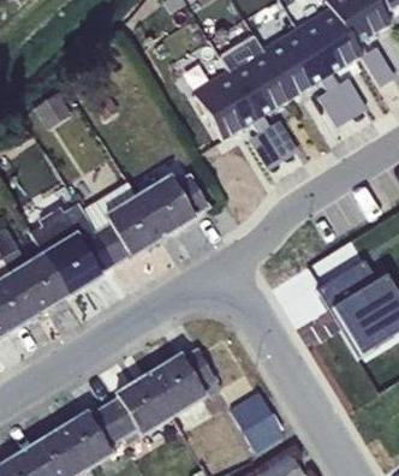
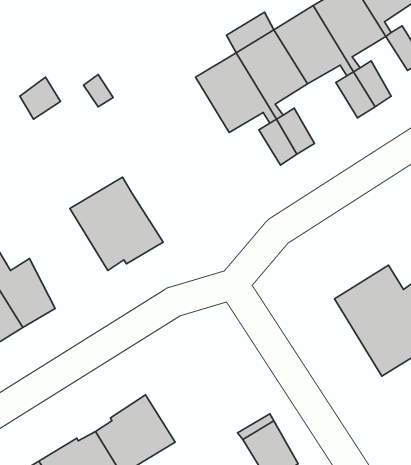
building: [135,172,208,238] -> none
building: [30,204,113,297] -> none
building: [147,347,220,416] -> none

